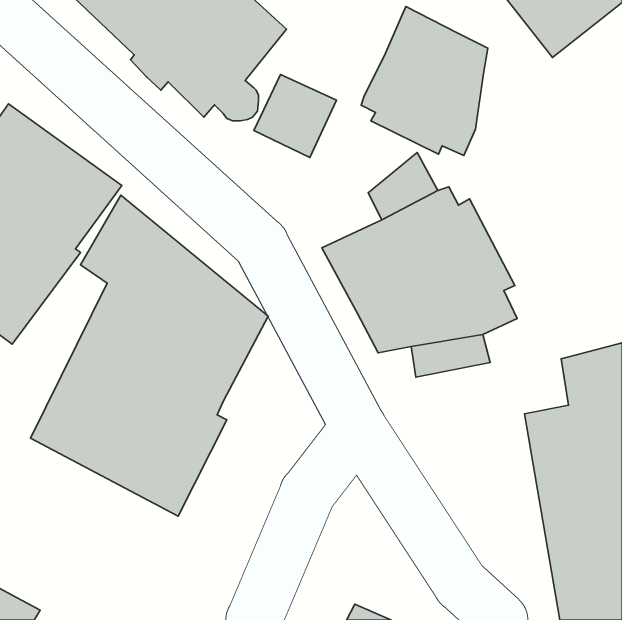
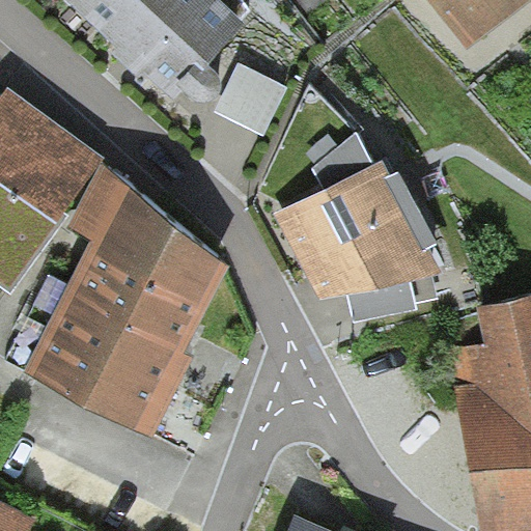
building: [361,7,488,156] -> none

